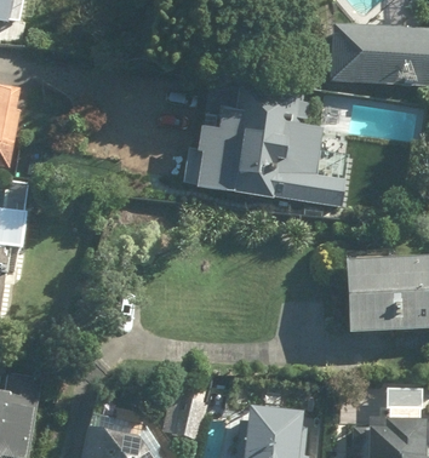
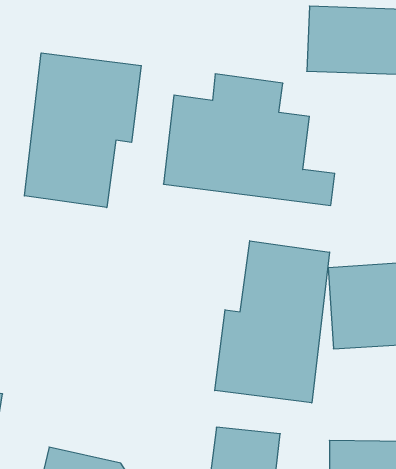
building: none -> [24,53,141,208]
building: none -> [215,241,330,403]

